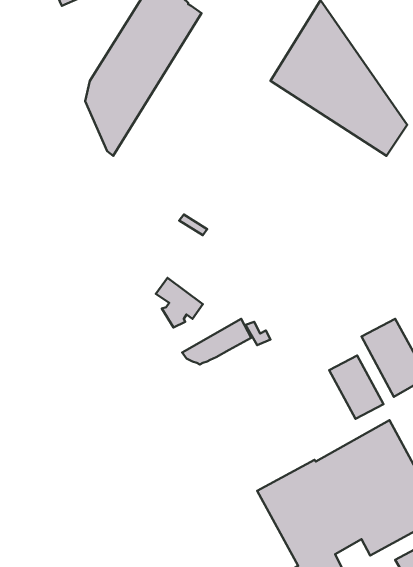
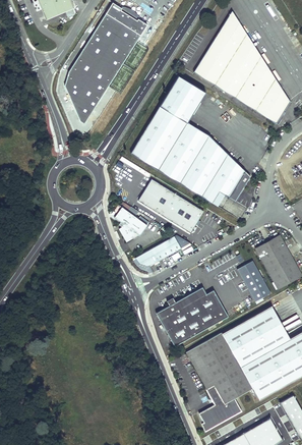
building: none -> [129,73,248,203]
building: none -> [138,177,204,232]
building: none -> [160,286,232,346]

